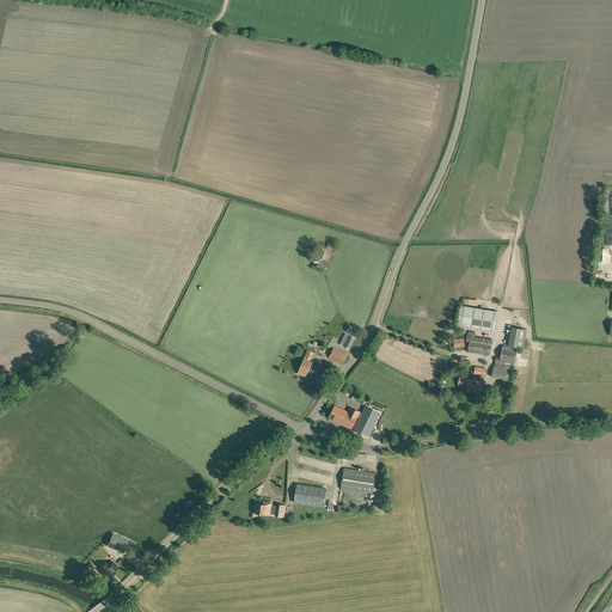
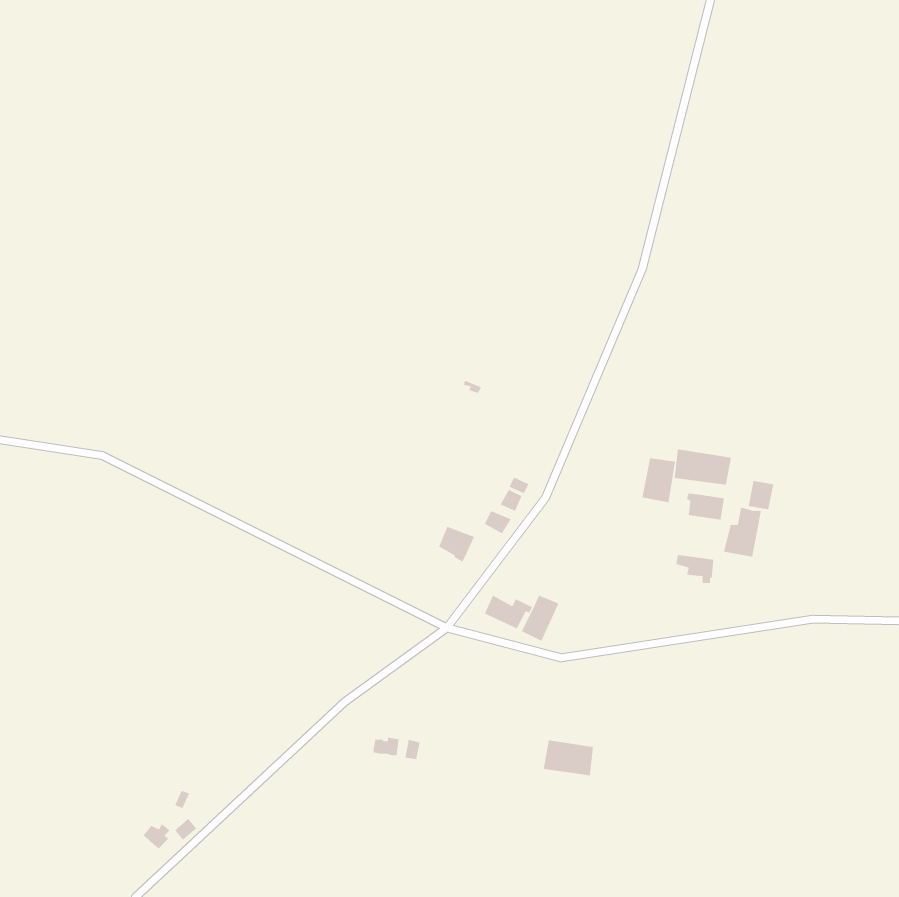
building: none -> [642,458,676,503]
building: [341,467,375,492] -> [543,740,594,776]
building: [293,483,326,506] -> none

